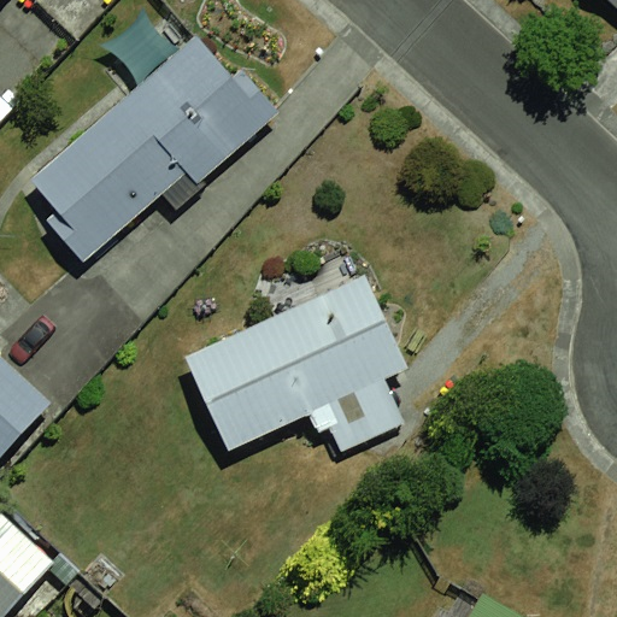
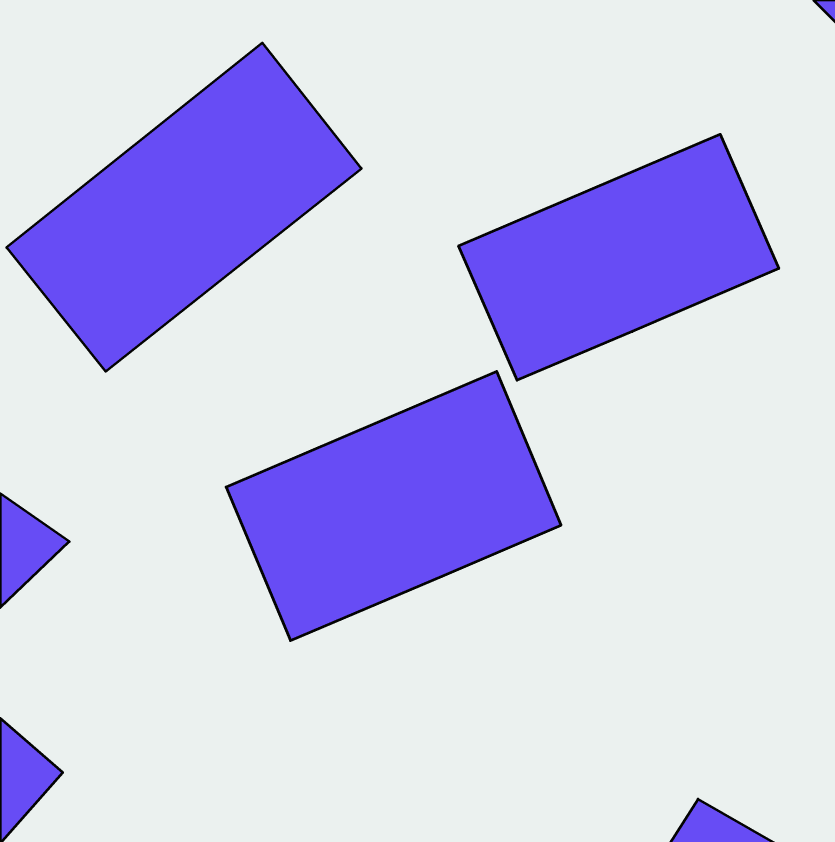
building: none -> [459,134,779,380]

